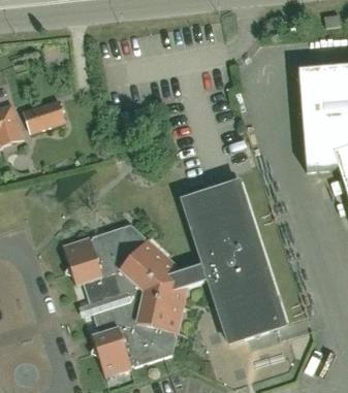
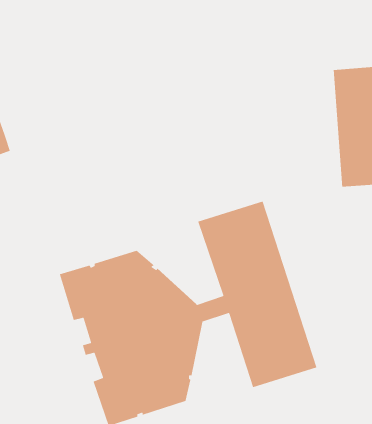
building: [24,99,66,132] -> none

